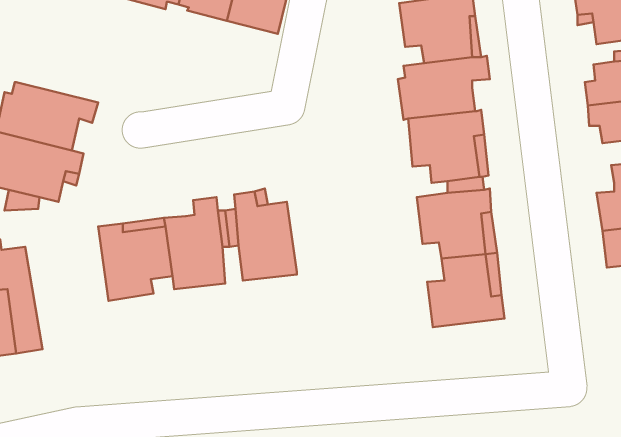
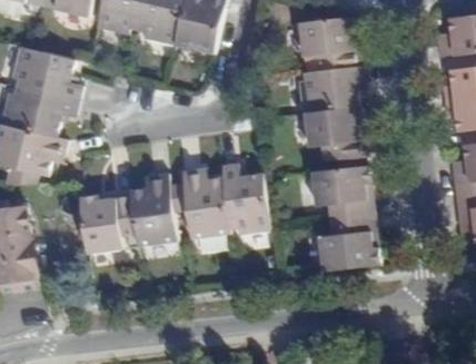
building: none -> [9,45,80,100]
building: none -> [217,163,267,234]

